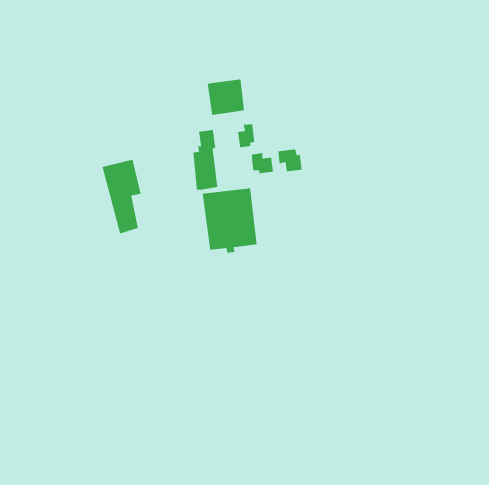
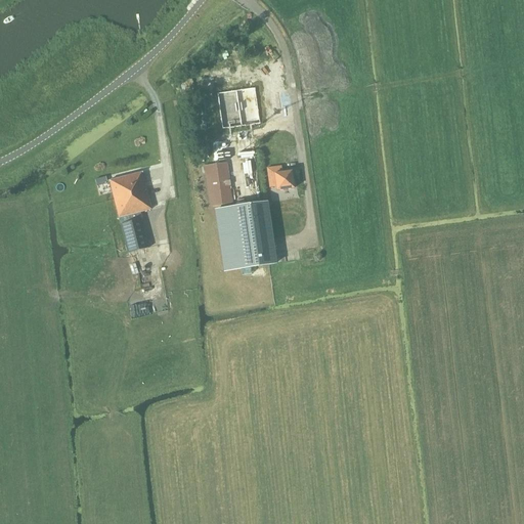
building: [237,123,255,148] -> none
building: [278,148,302,172] -> none

